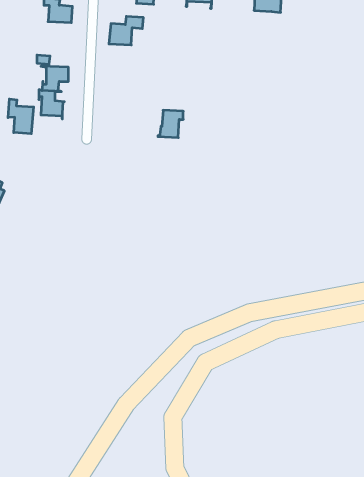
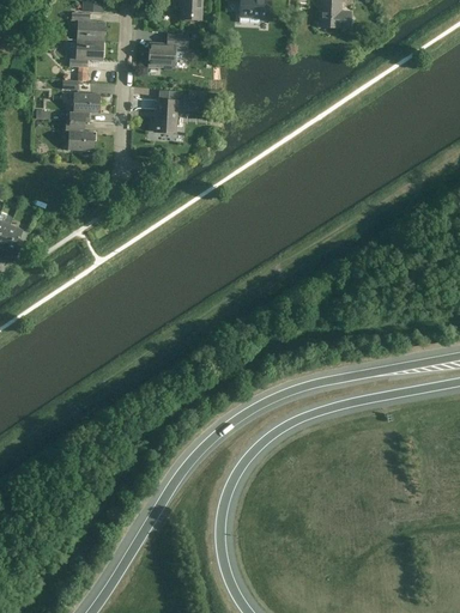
building: none -> [68,38,103,66]
building: [8,99,34,134] -> none
building: [158,110,183,138] -> [151,98,181,131]

